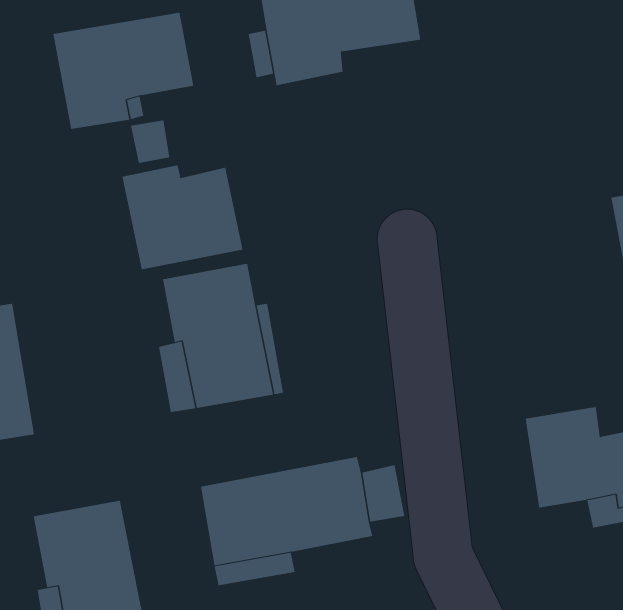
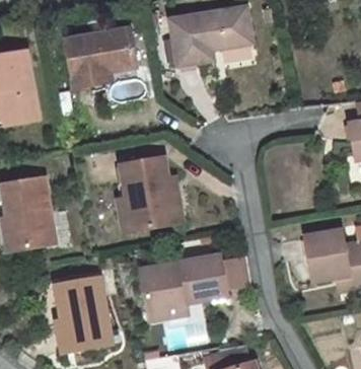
building: [122,165,243,270] -> none

